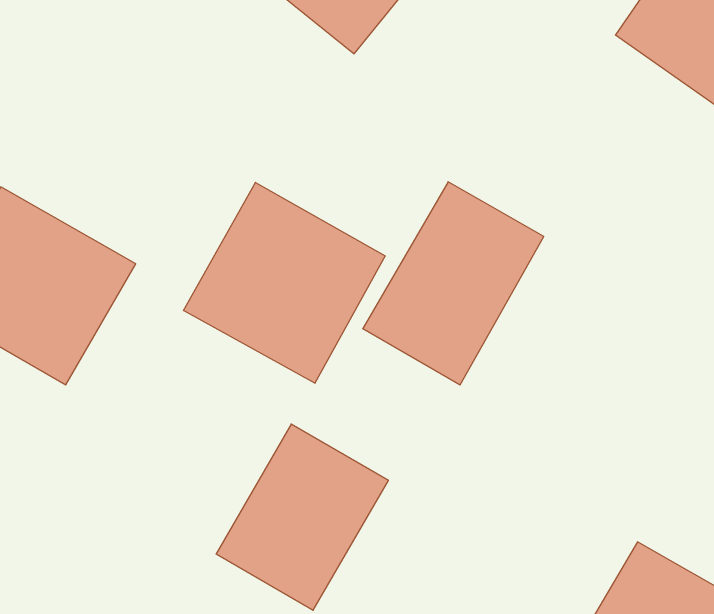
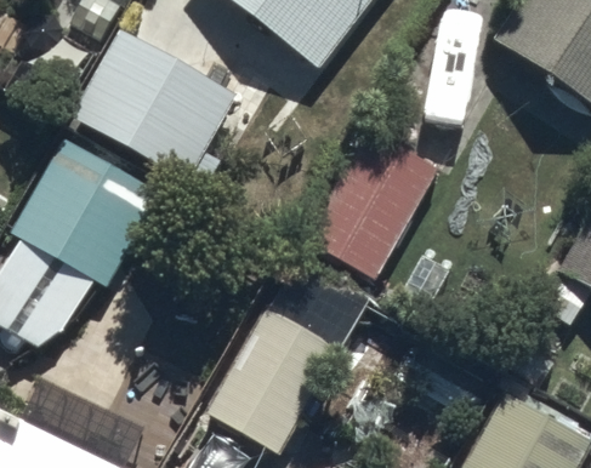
building: none -> [80,42,221,176]
building: [184,182,385,383] -> none

